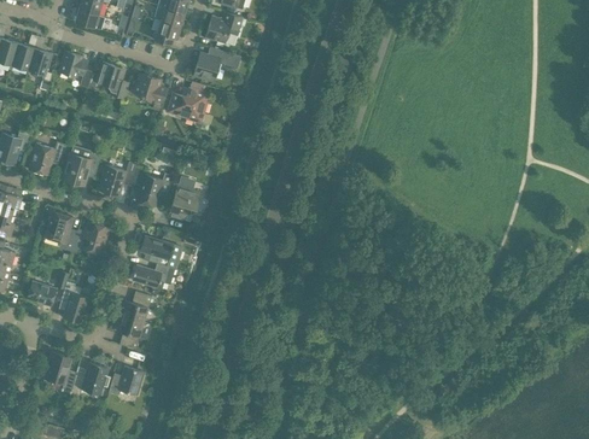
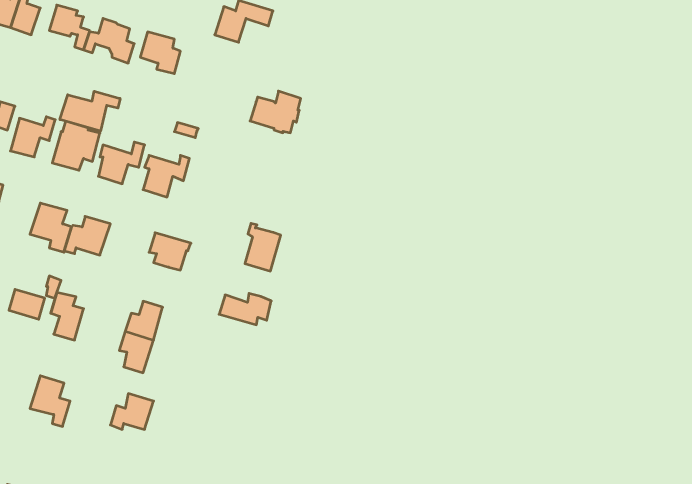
building: [167,87,208,121] -> [250,91,301,133]
building: none -> [60,91,120,131]
building: [169,182,198,221] -> [245,223,281,271]
building: [132,263,174,288] -> [219,293,271,325]
building: [70,362,109,396] -> none

